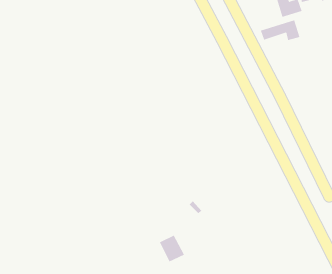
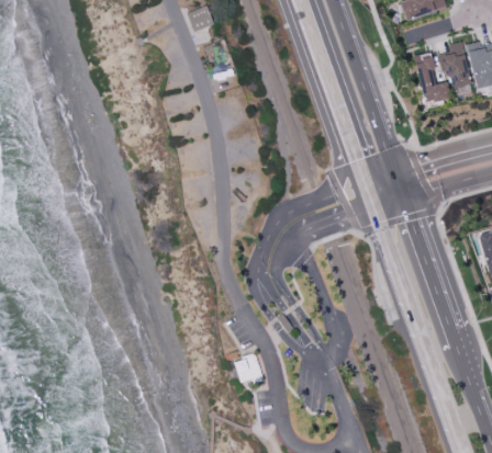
building: [260,20,300,41] -> none

